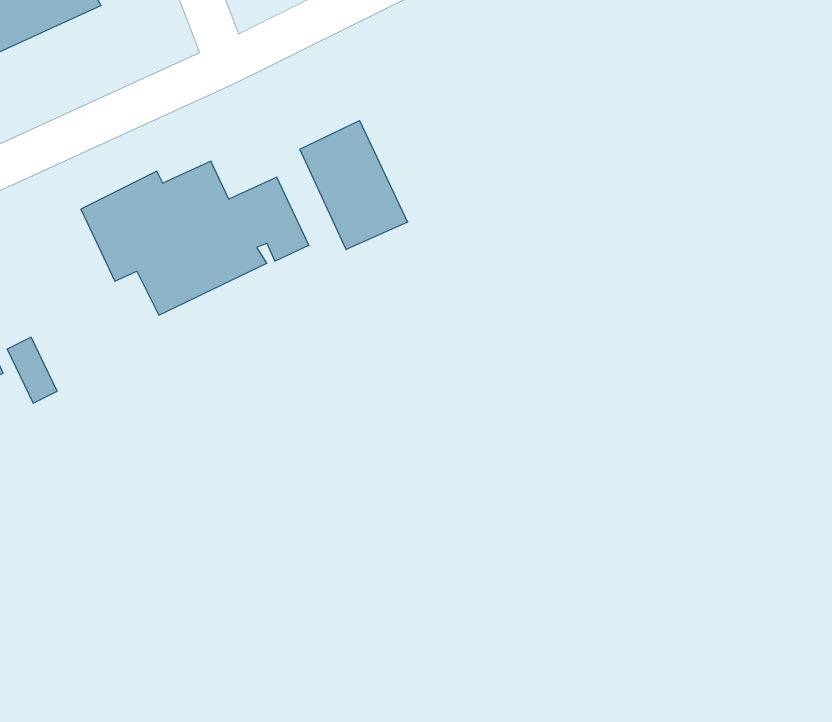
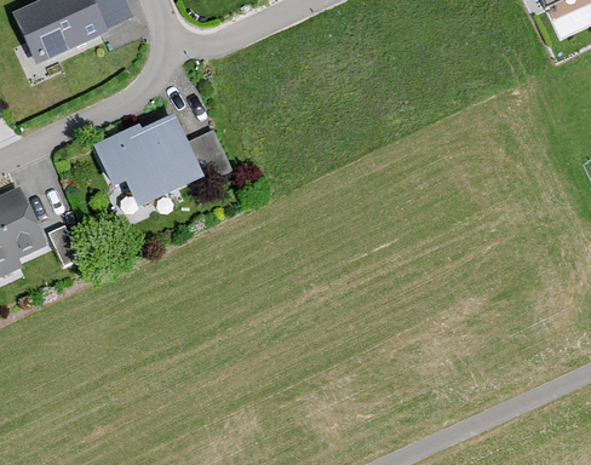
building: [300,121,407,250] -> none

